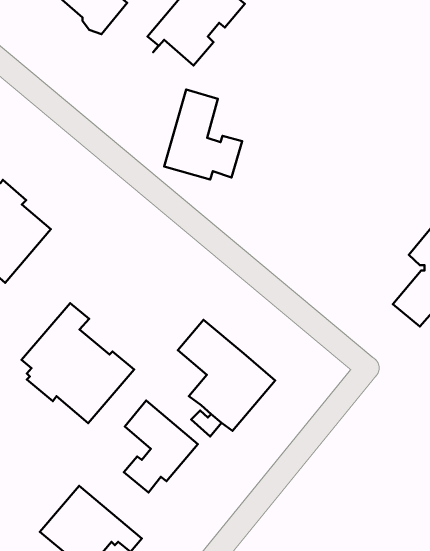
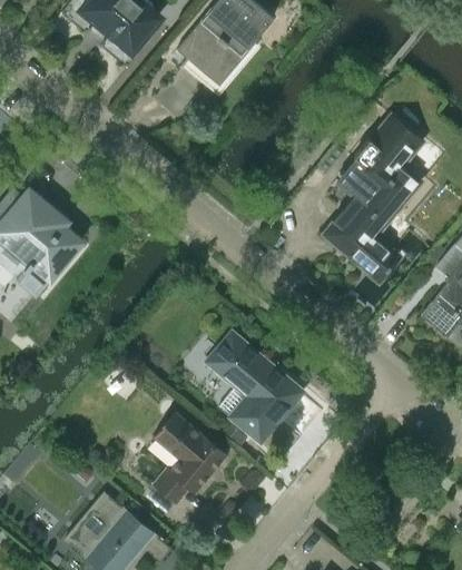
building: [164,89,242,179] -> none
building: none -> [324,116,422,281]
building: [22,303,134,423] -> none

